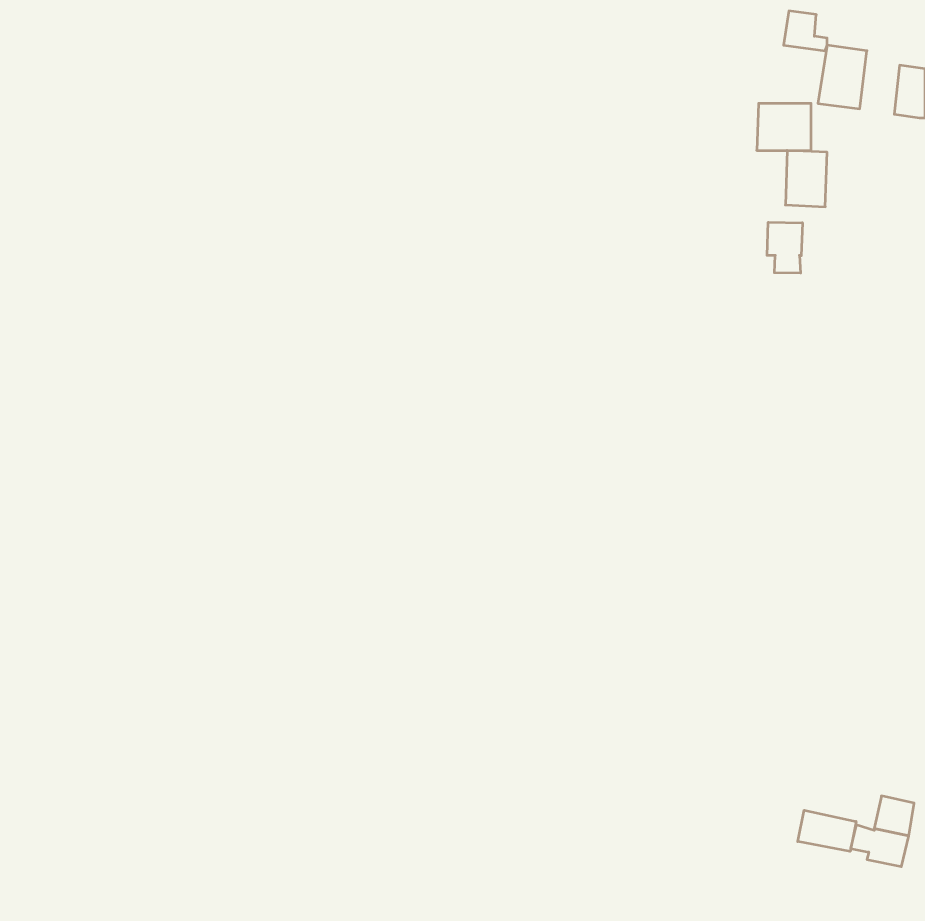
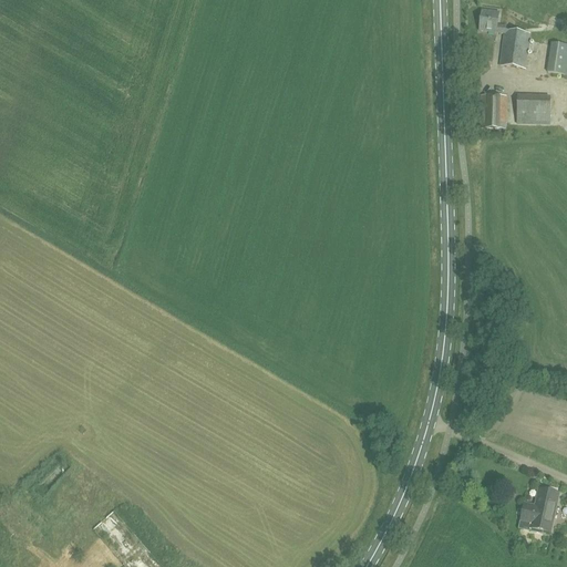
building: [757,103,811,150] -> [516,93,549,122]
building: [767,222,802,273] -> none
building: [798,810,856,851] -> none

